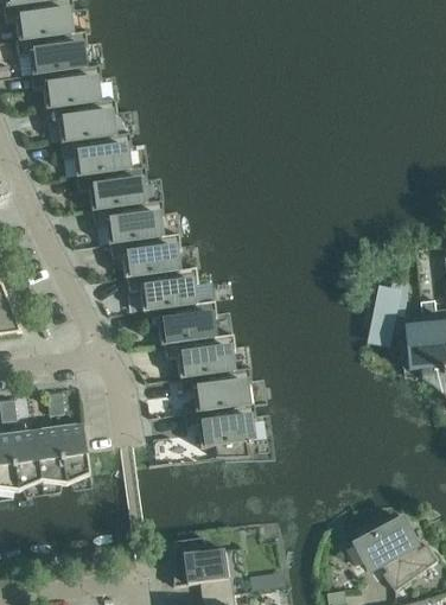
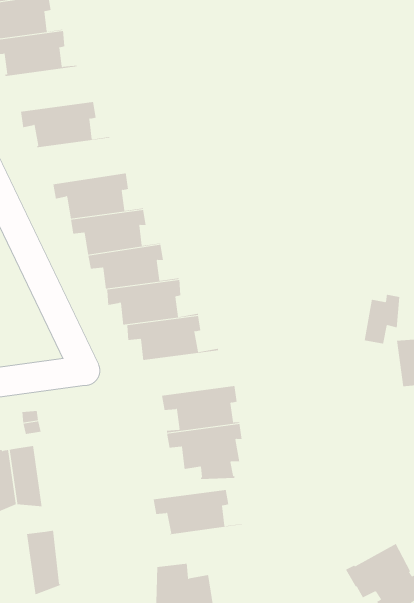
building: [31,65,115,108] -> none
building: [60,133,146,177] -> none
building: [161,335,249,377] -> [150,490,243,535]
building: [58,421,91,483] -> [26,530,61,595]

